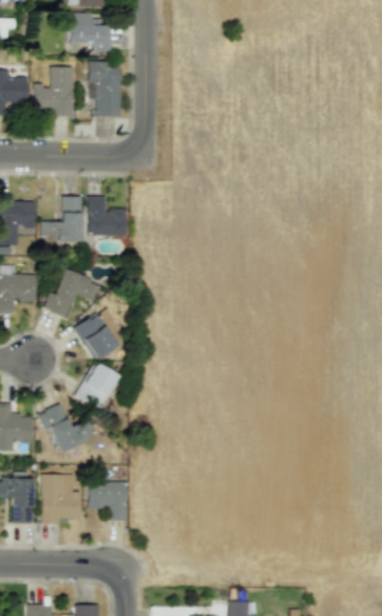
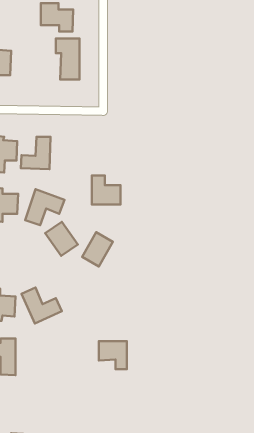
building: [33,66,74,117] -> none
building: [87,196,127,236] -> [92,176,121,205]
building: [76,363,118,410] -> [82,232,113,266]
building: [40,474,81,524] -> none
building: [88,482,127,521] -> [99,341,127,369]

